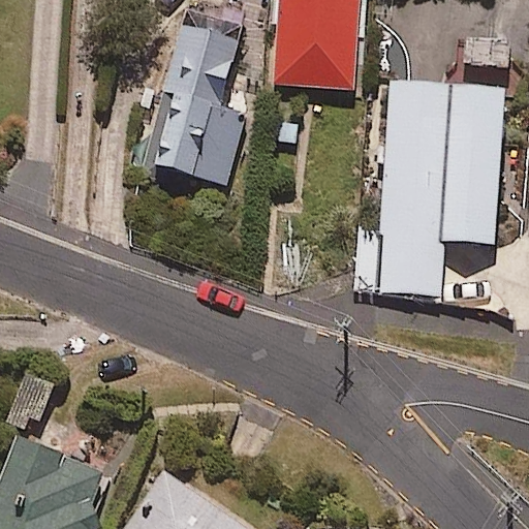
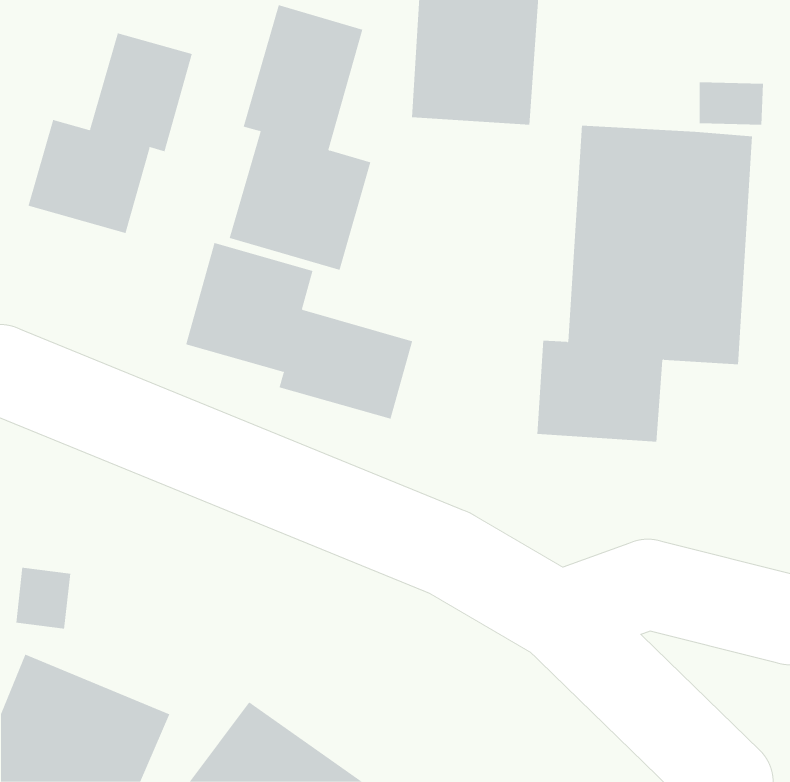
building: none -> [28,33,192,234]
building: none -> [185,242,413,419]

